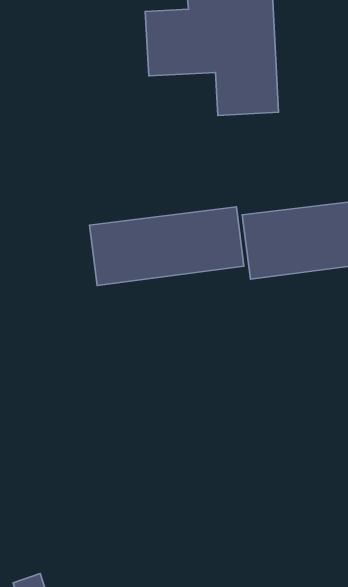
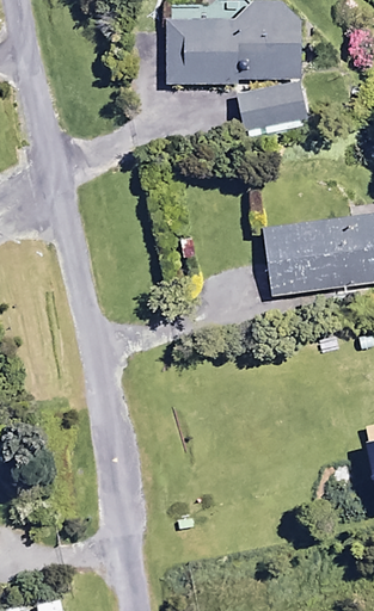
building: [89,207,244,286] -> none

